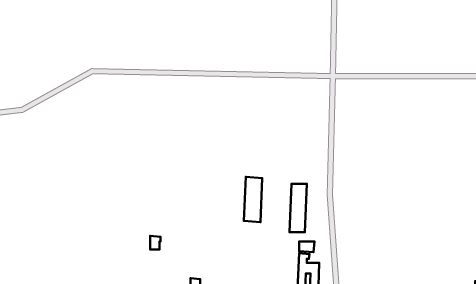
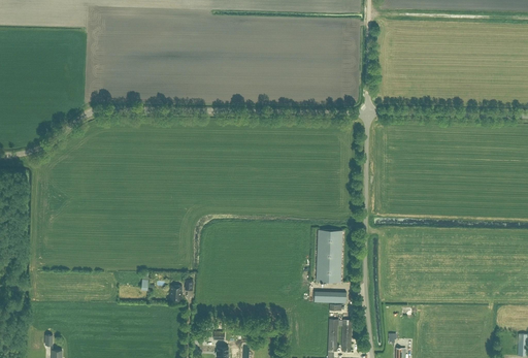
building: [244,177,262,222] -> none

